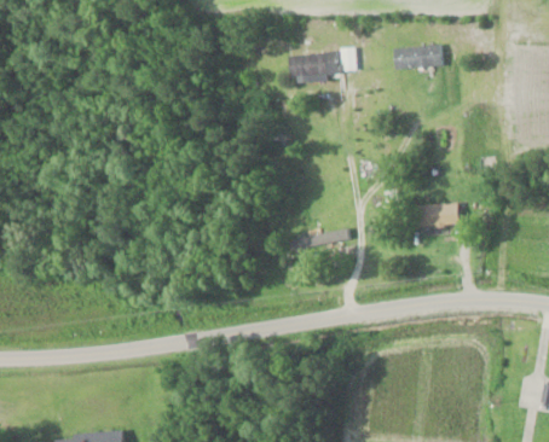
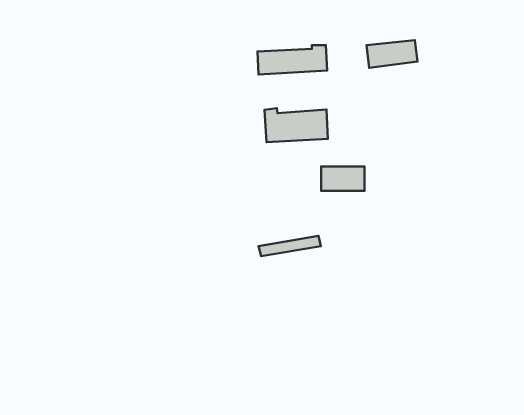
building: none -> [265,108,328,142]
building: [417,203,458,226] -> [321,167,364,191]

